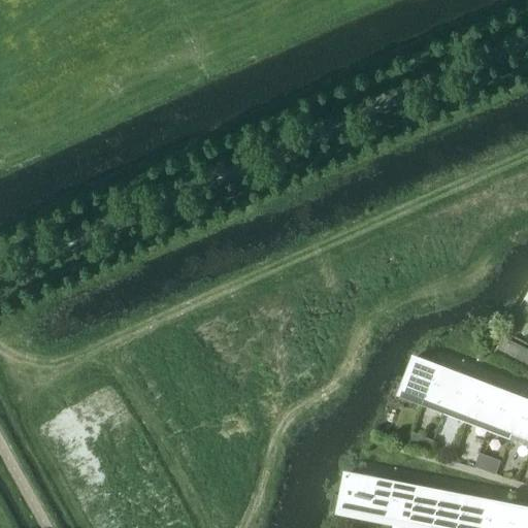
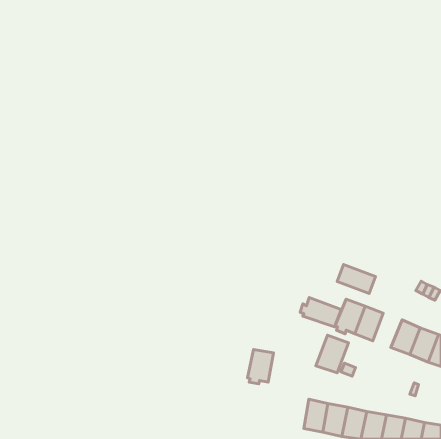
building: none -> [337,265,375,294]
building: none -> [300,298,341,327]
building: [446,374,481,416] -> none
building: none -> [316,335,348,373]
building: [338,473,369,515] -> [248,349,273,384]

